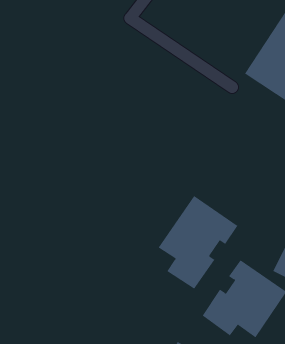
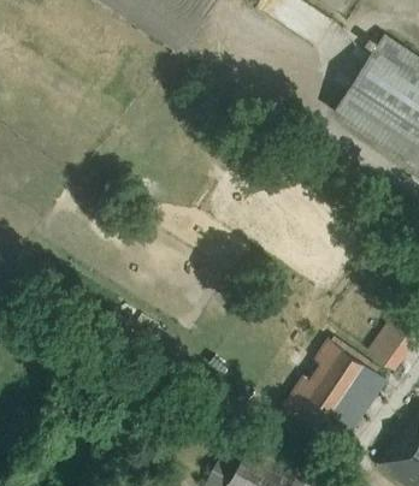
building: [158,195,238,290] -> none

